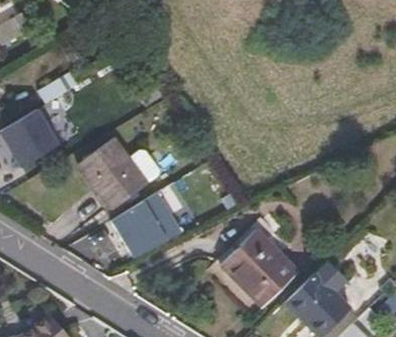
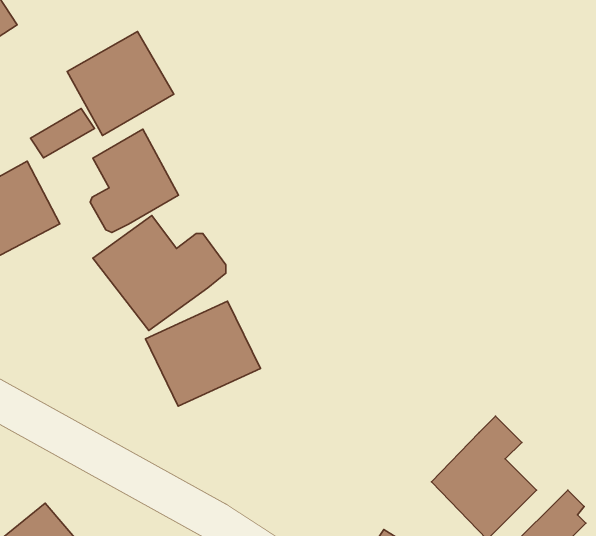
building: none -> [67,32,174,136]
building: none -> [90,129,179,232]
building: [220,230,297,308] -> none

